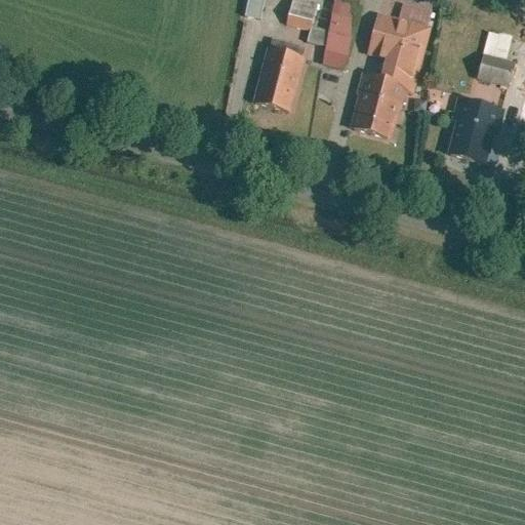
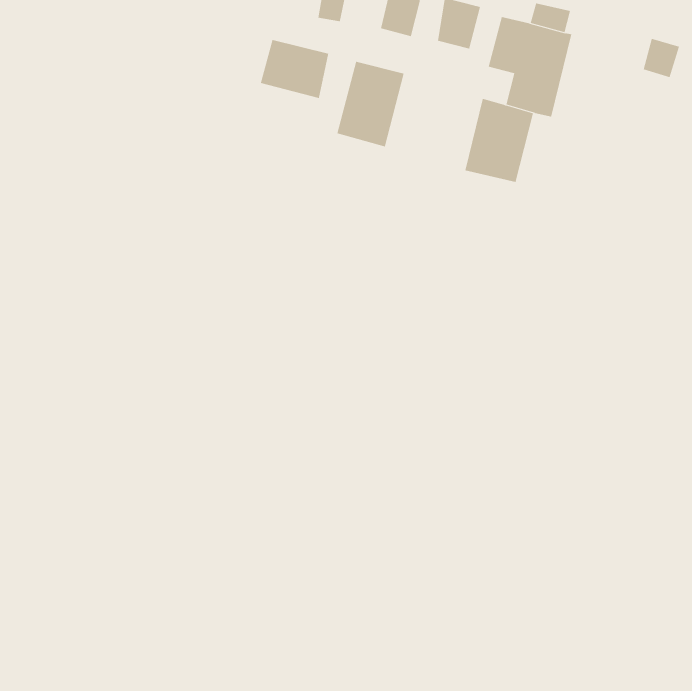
building: none -> [260,39,329,99]
building: [323,31,354,67] -> none
building: [477,52,513,86] -> none
building: [449,99,503,163] -> none

